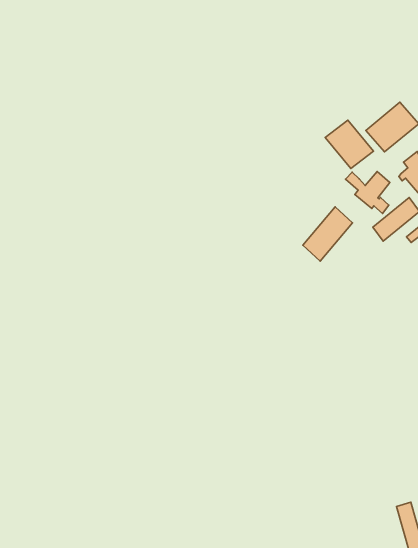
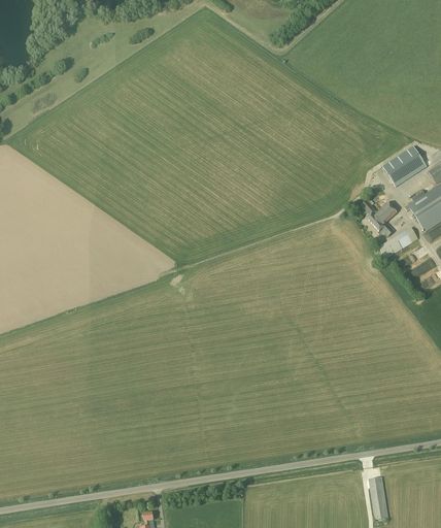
building: [325,120,374,169] -> none
building: [303,207,352,261] -> none

